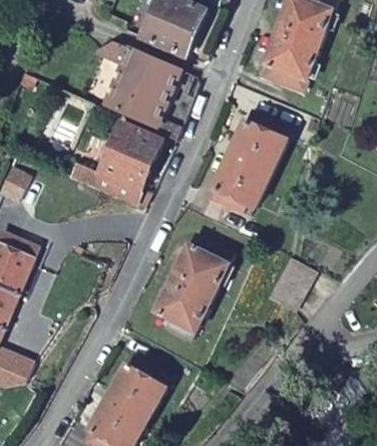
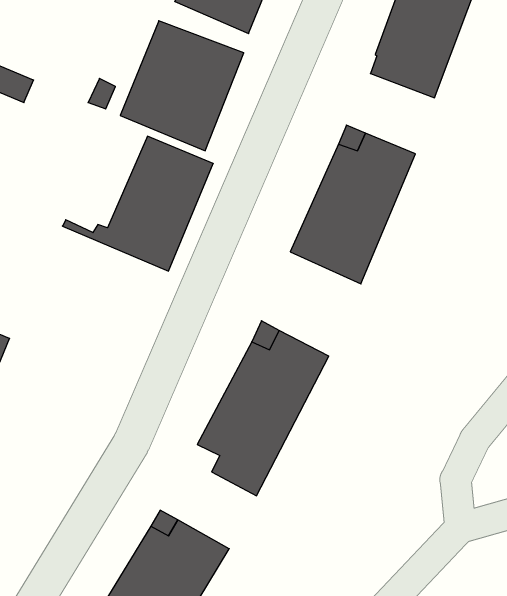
building: [266,258,312,312] -> none

